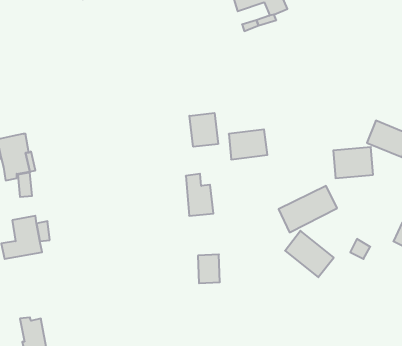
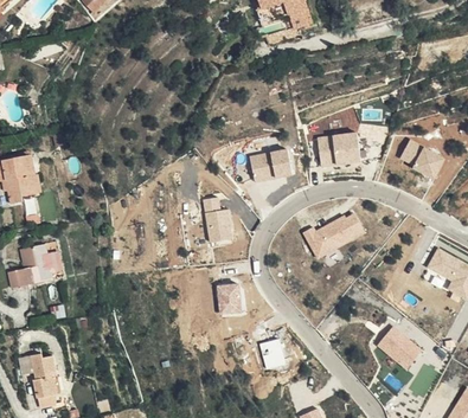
building: [189,113,218,147] -> none
building: [333,147,373,178] -> [318,133,360,166]
building: [285,231,334,277] -> [371,321,423,371]
building: none -> [259,339,286,369]

